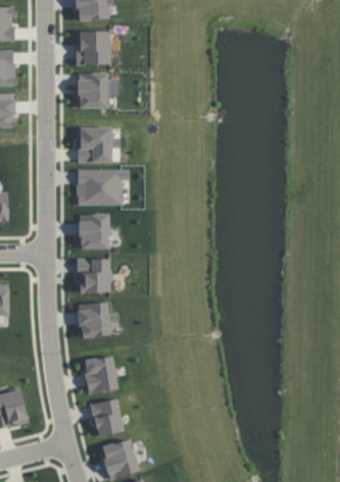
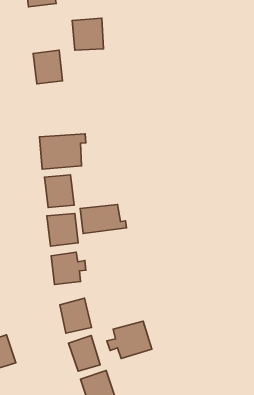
building: [77,31,110,65] -> [72,18,103,50]
building: [79,126,119,162] -> none
building: none -> [80,204,126,234]
building: none -> [107,321,152,358]

